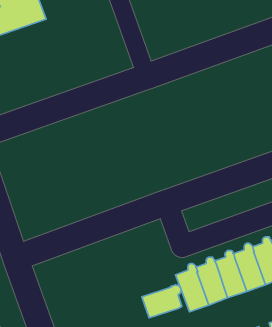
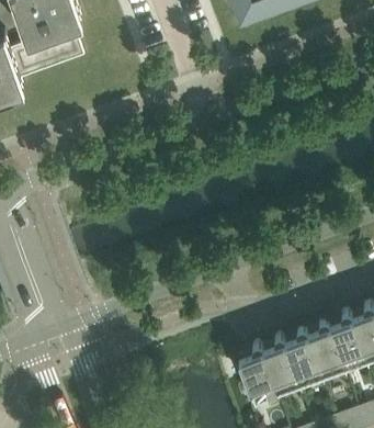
building: [142,285,182,318] -> none

